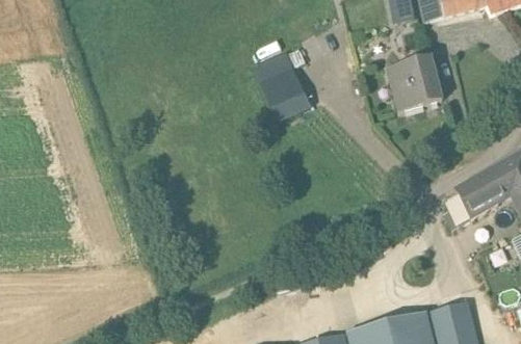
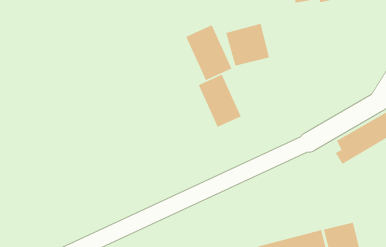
building: [385,55,442,111] -> [225,23,270,67]
building: none -> [198,74,242,128]

